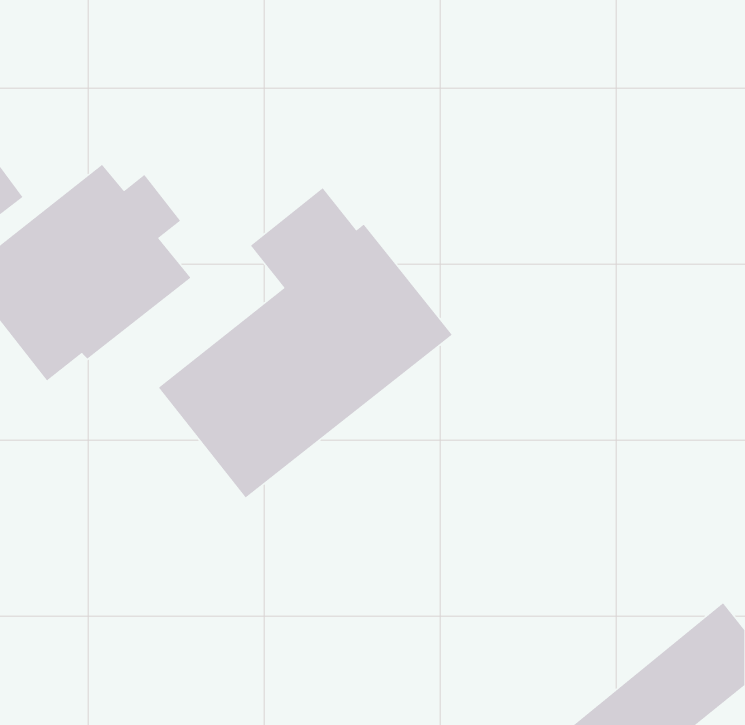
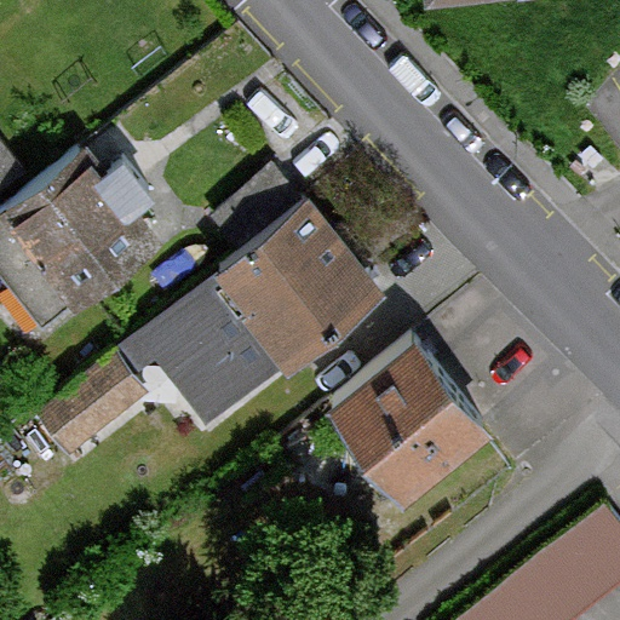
building: none -> [325,340,488,505]
building: none -> [38,358,143,458]

